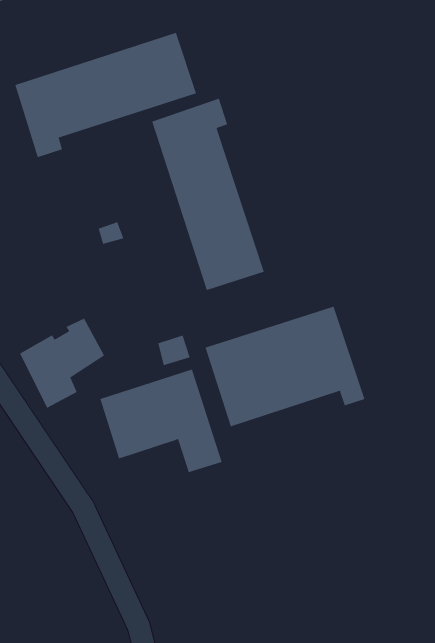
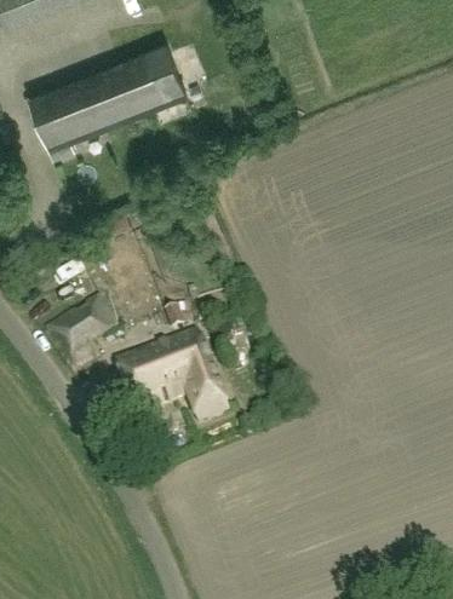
building: [151,98,265,291] -> none
building: [205,306,365,427] -> none

